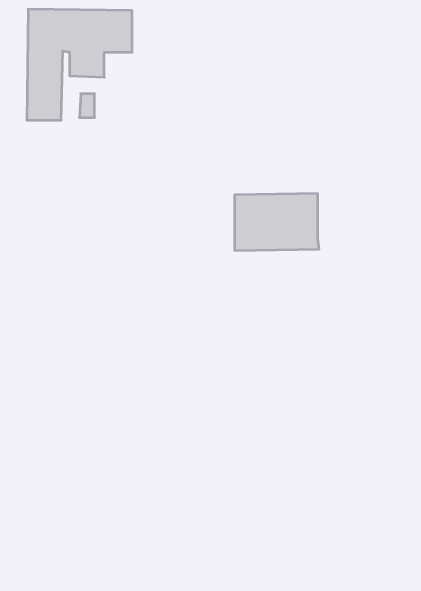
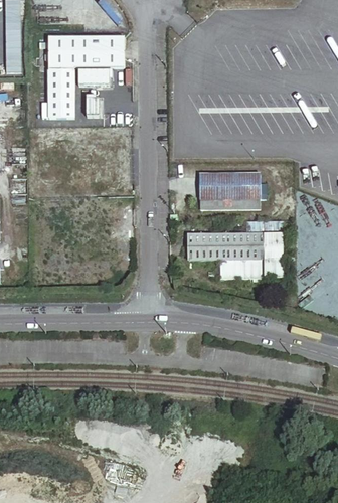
building: none -> [187,230,282,278]

